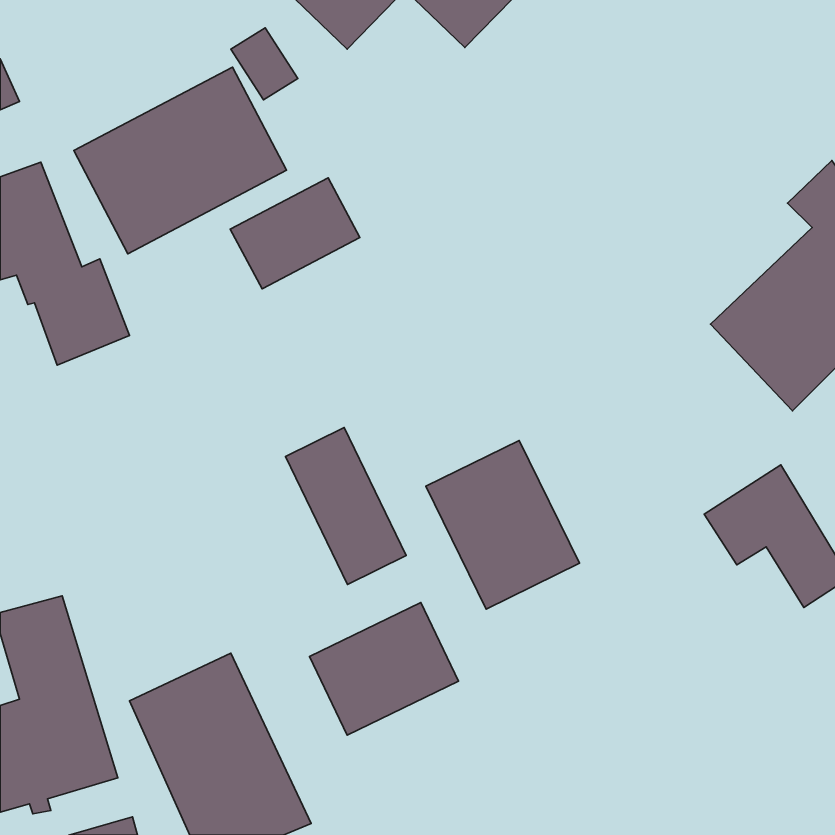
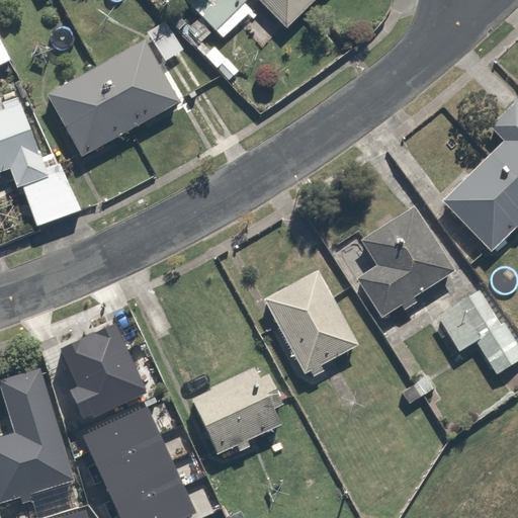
building: [230,178,360,289] -> none
building: none -> [355,203,456,319]
building: [285,428,406,585] -> none
building: none -> [58,320,145,417]

